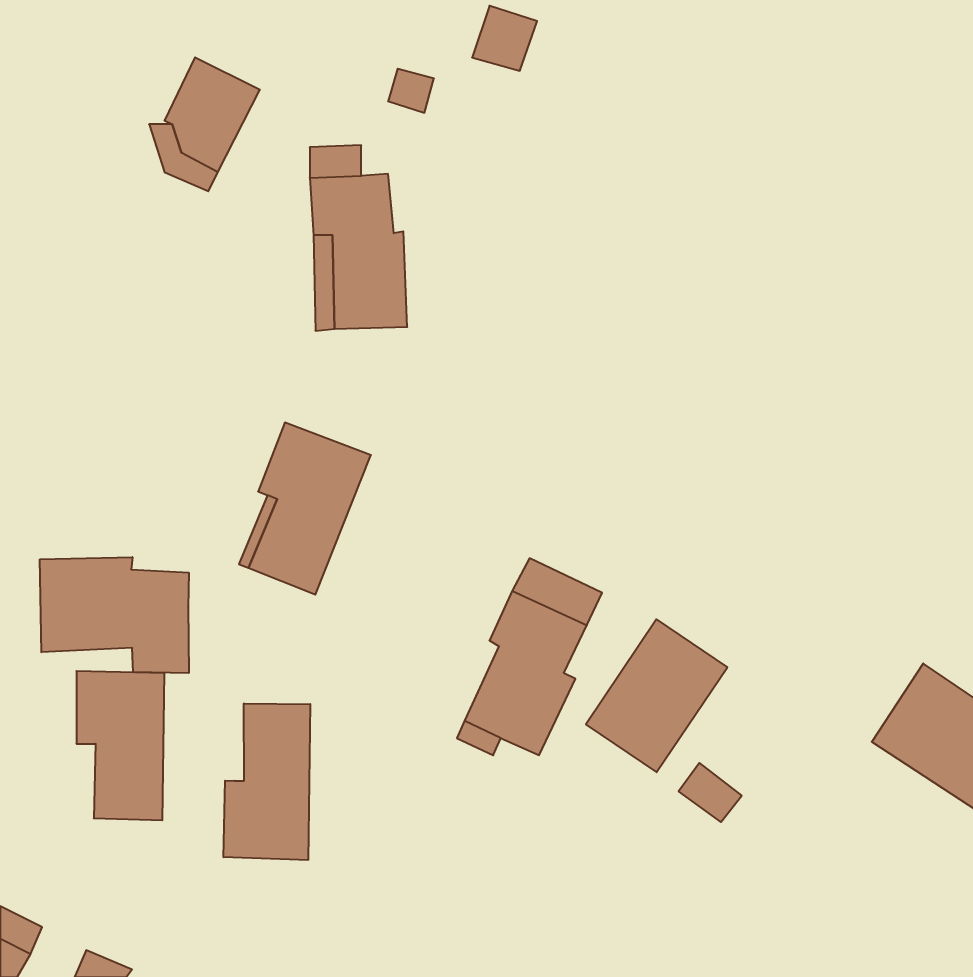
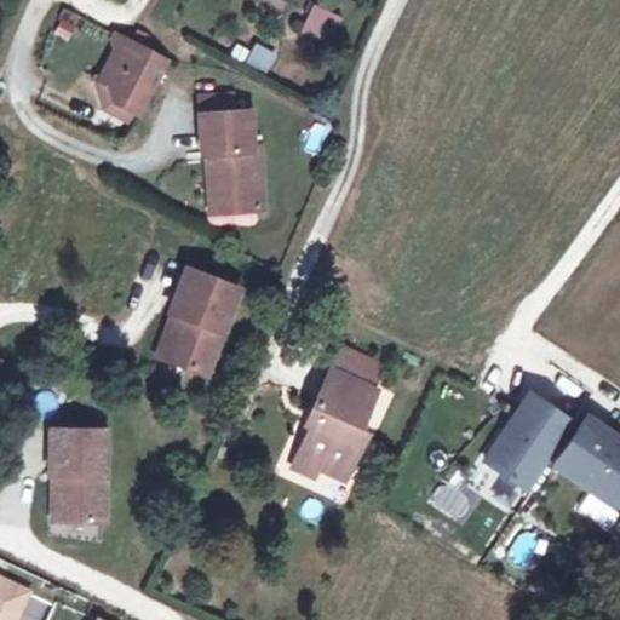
building: [40,557,189,673] -> none
building: [586,619,727,772] -> [484,398,574,495]
building: [224,703,310,860] -> none

